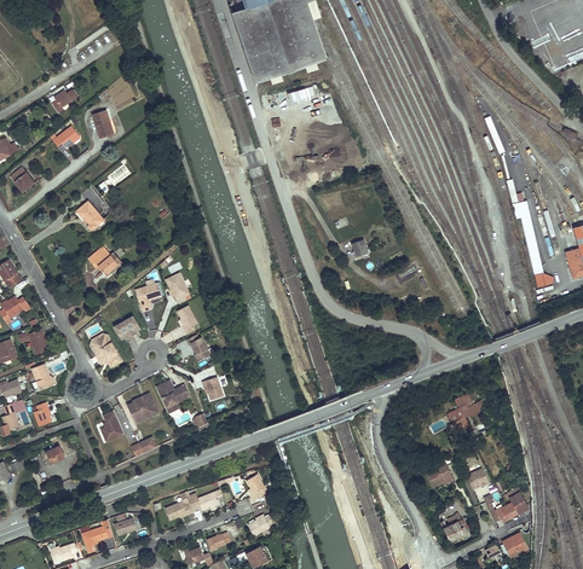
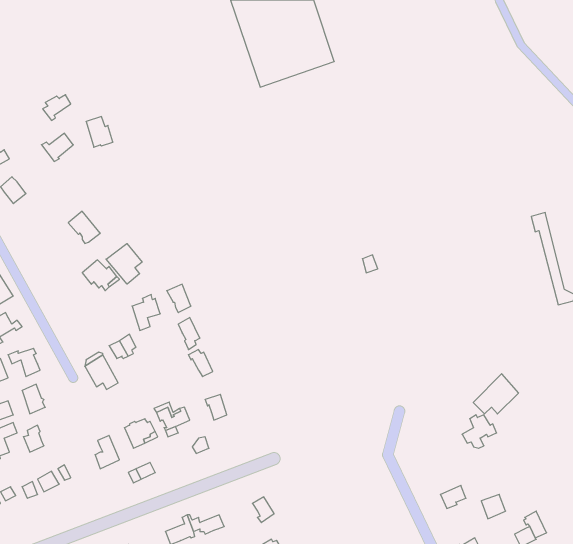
building: none -> [106,244,142,284]
building: none -> [473,374,518,414]

